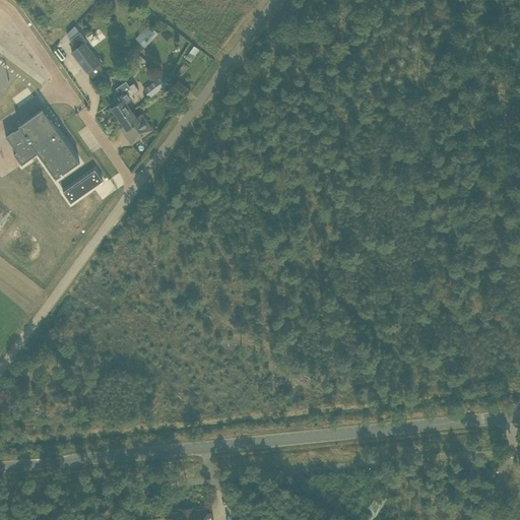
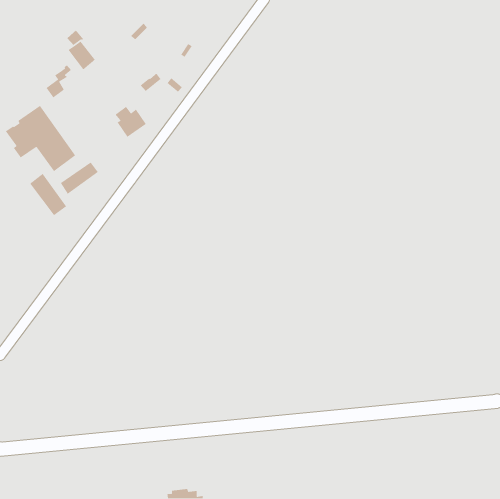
building: [111,83,138,119] -> [45,64,72,99]
building: none -> [29,173,67,216]

